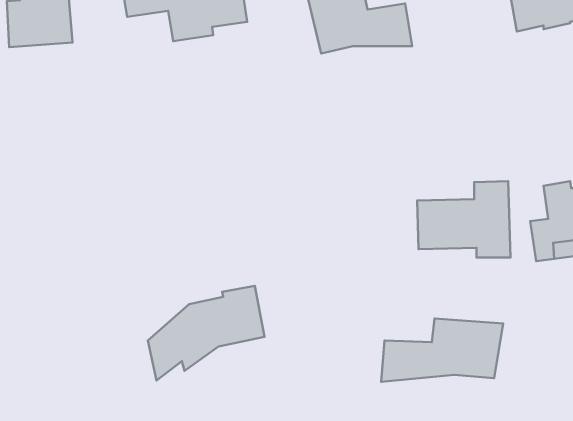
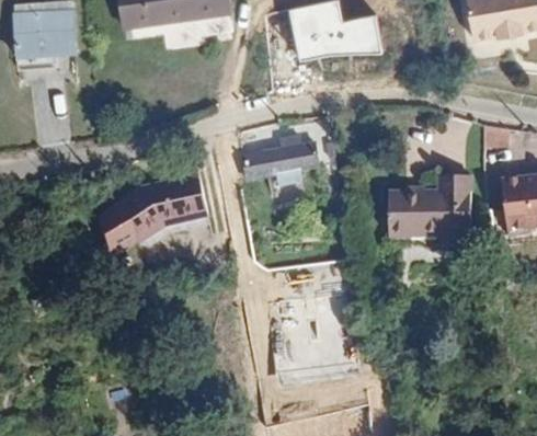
building: none -> [248,137,318,184]
building: [148,286,265,381] -> [108,168,214,253]
building: [381,318,503,382] -> none

